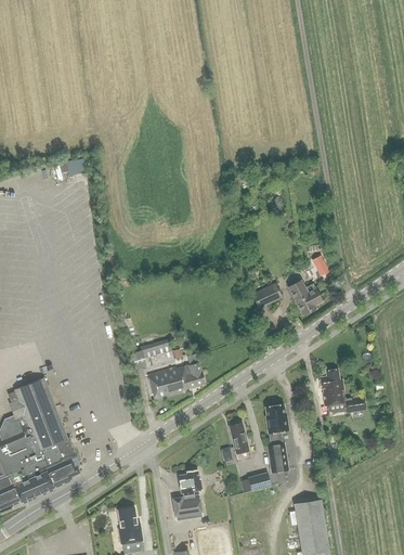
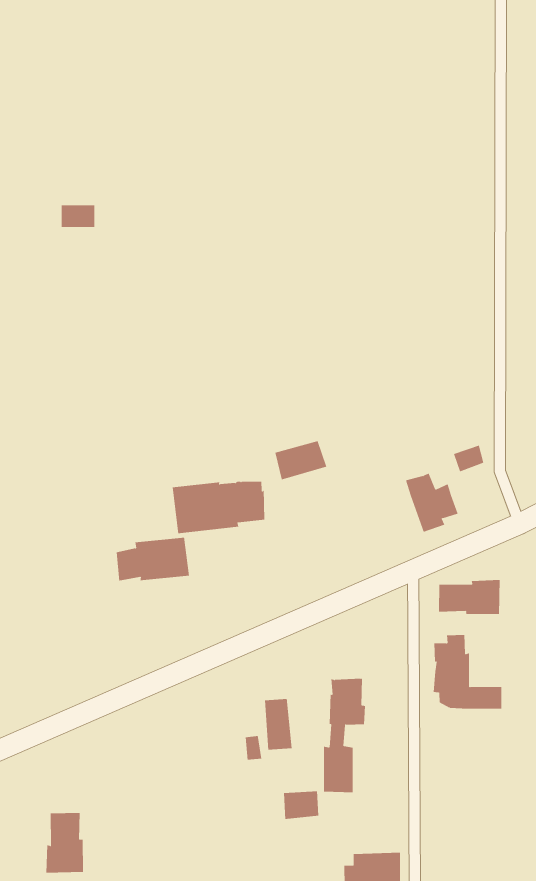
building: [251,283,283,309] -> [274,441,327,480]
building: none -> [438,579,500,615]
building: [148,362,205,400] -> [172,481,265,534]
building: [172,468,203,519] -> none

